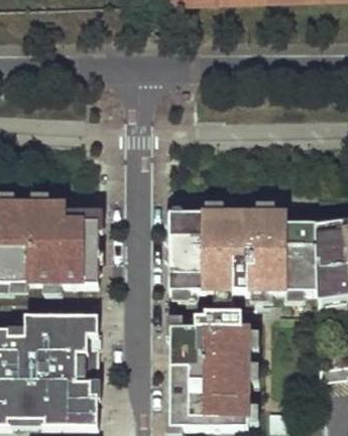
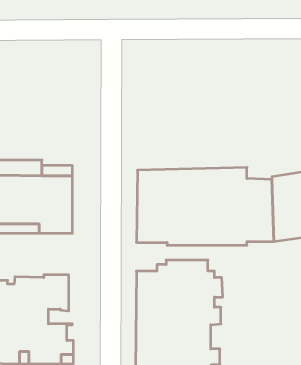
building: [27,314,104,400] -> none

